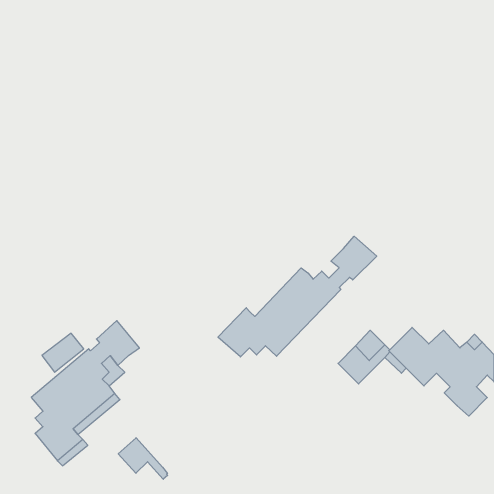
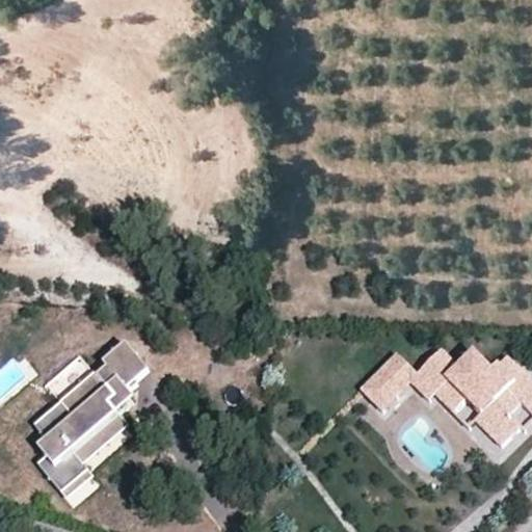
building: [218,236,377,357] -> none
building: [118,438,168,479] -> none

